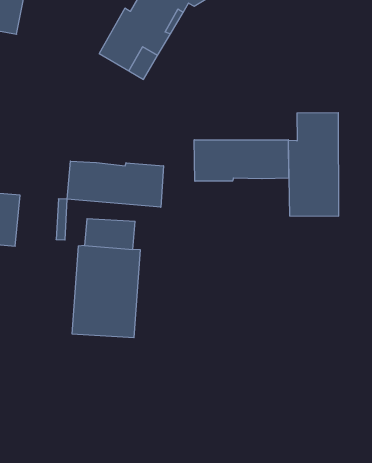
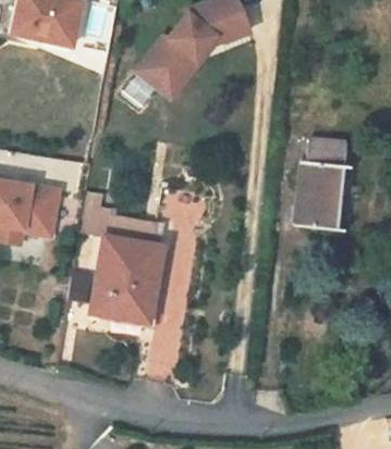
building: [194,140,288,181] -> none
building: [67,161,163,207] -> none

